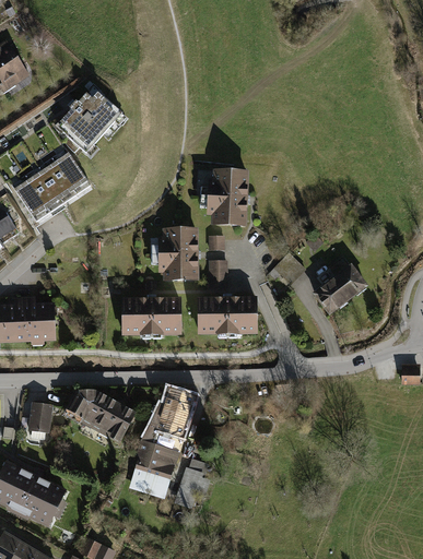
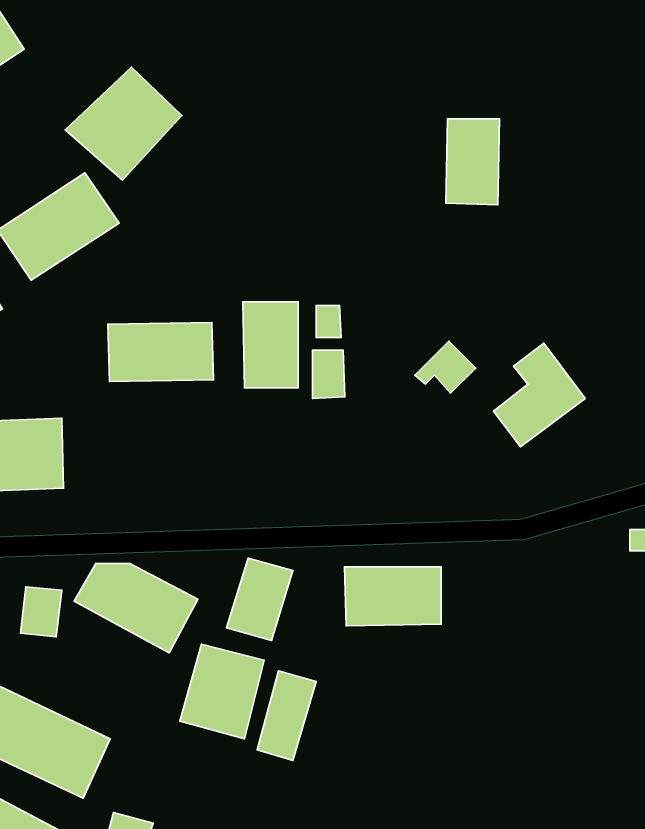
building: [209,173,242,225] -> [446,119,500,205]
building: [197,297,256,333] -> [345,567,441,626]
building: [116,299,180,335] -> [108,322,214,381]

